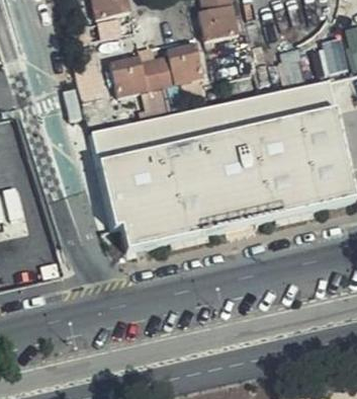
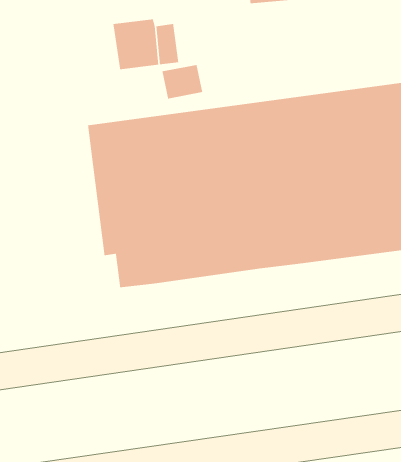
building: [164,39,199,79] -> none

